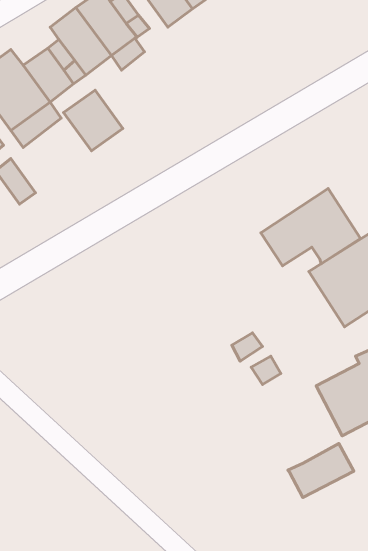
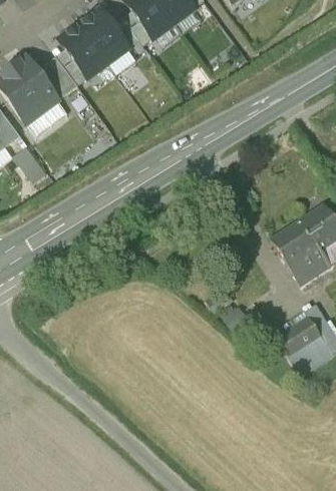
building: [64,90,123,151] -> none
building: [261,188,360,266] -> none
building: [288,444,354,498] -> none

